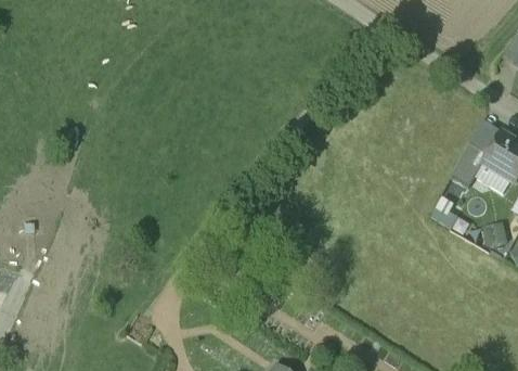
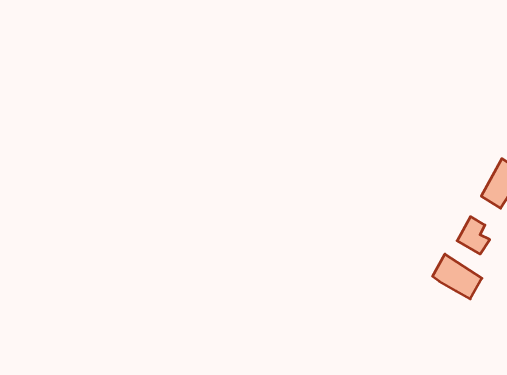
building: none -> [433,254,482,299]

